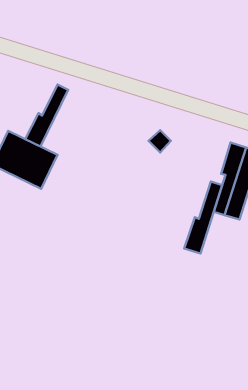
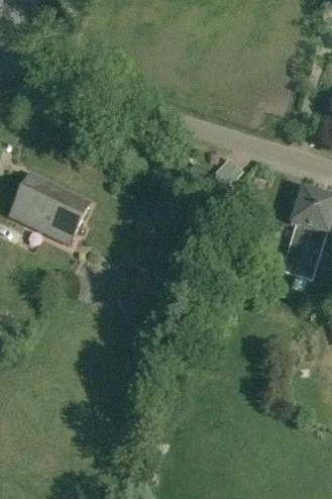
building: [25,84,68,147] -> none
building: [184,182,222,254] -> none

